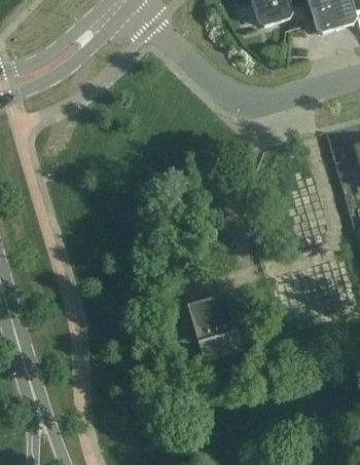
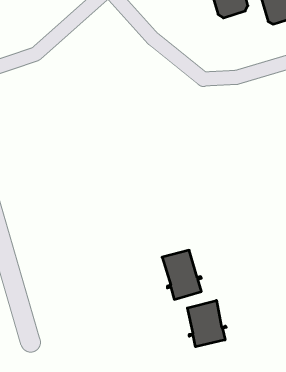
building: none -> [187,300,226,347]

